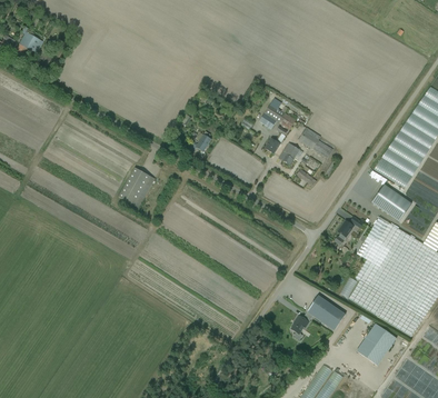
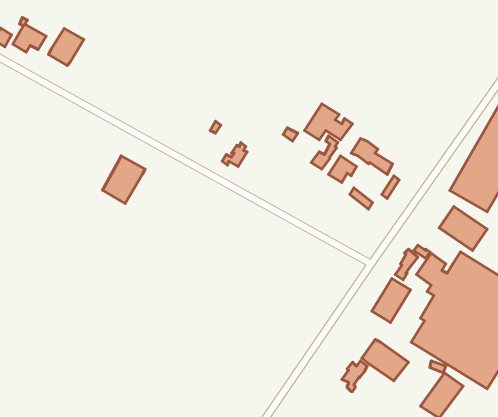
building: none -> [48,29,84,66]
building: [118,168,153,208] -> [102,156,145,204]
building: none -> [372,278,411,322]

